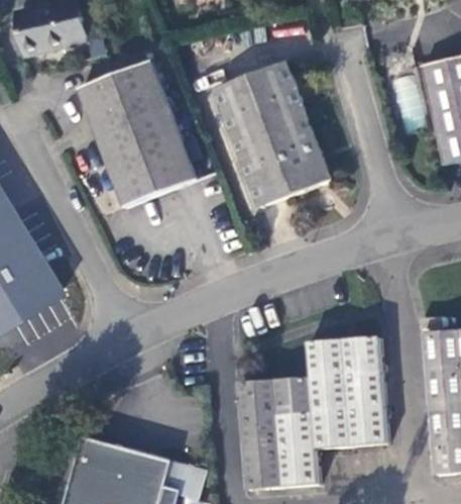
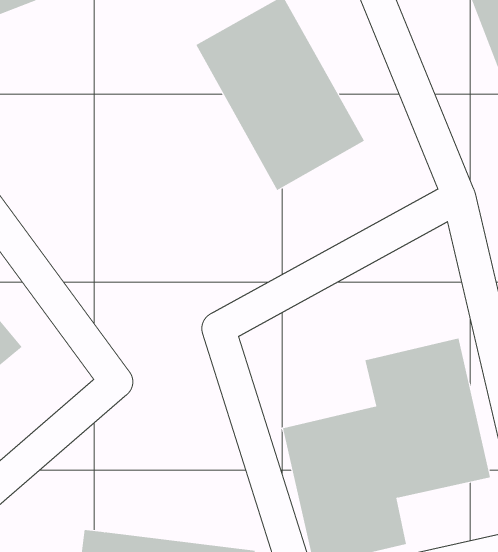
building: [79,60,197,206] -> none

